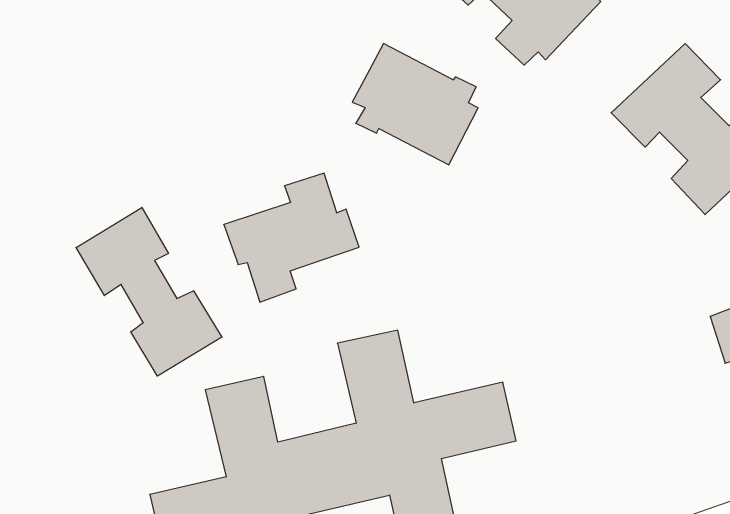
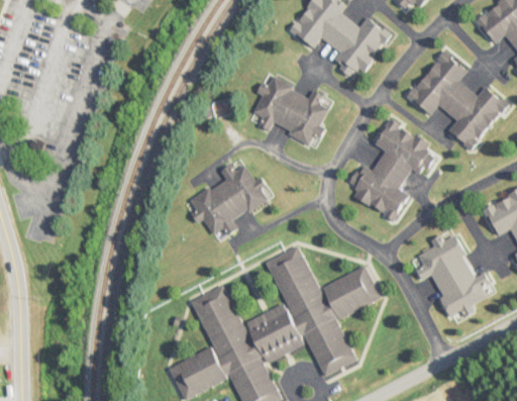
building: none -> [344,119,435,220]
building: [76,207,222,376] -> none
building: none -> [418,234,490,315]

